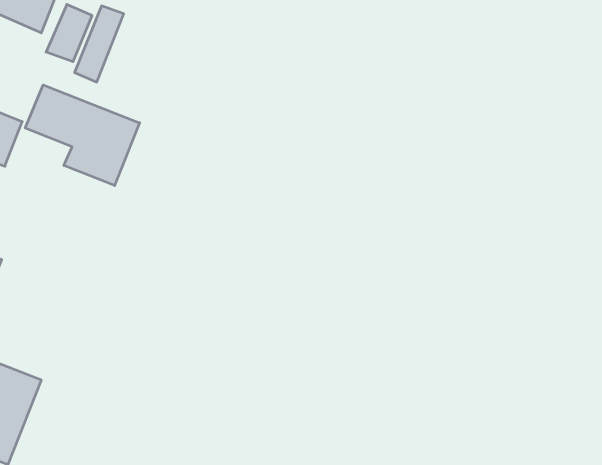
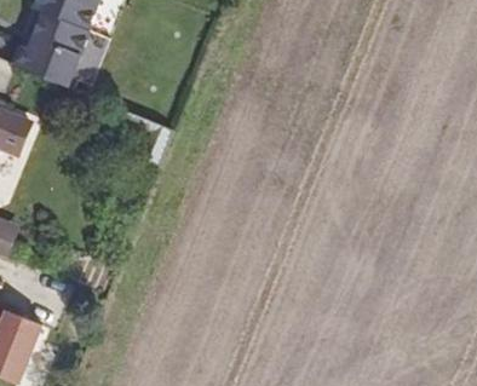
building: [25,85,140,186] -> none

